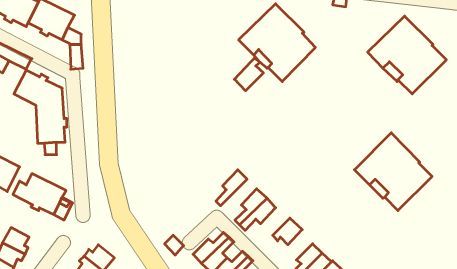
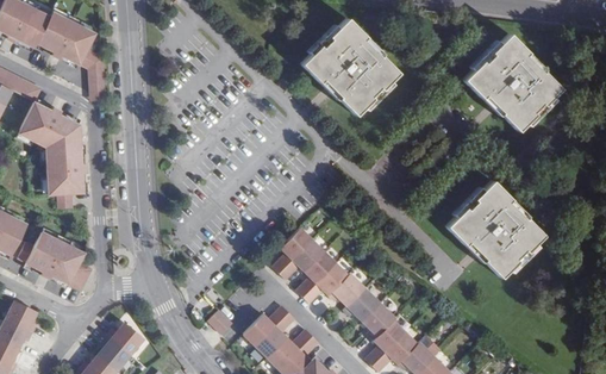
building: [234,58,263,91] -> none
building: none -> [279,239,324,280]
building: none -> [329,273,366,306]
building: none -> [363,303,395,341]

